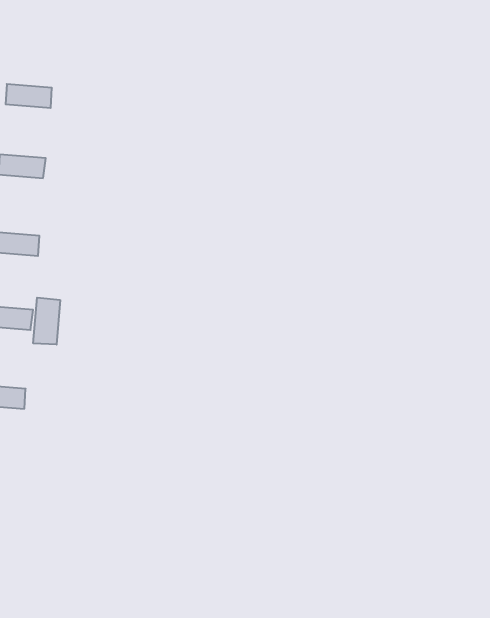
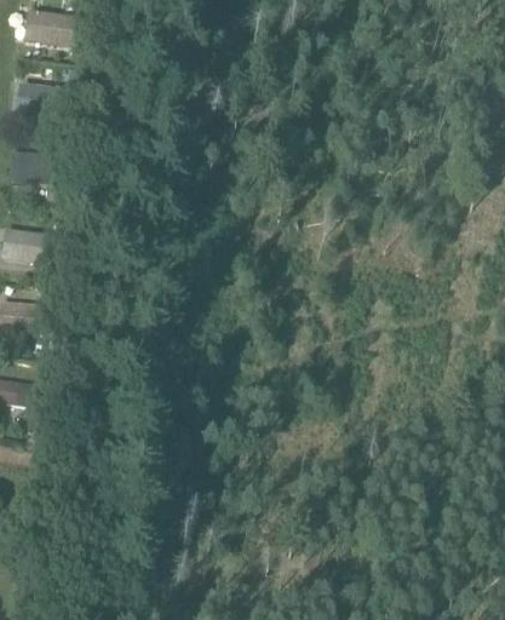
building: none -> [23,15,69,39]
building: [33,298,60,345] -> none

